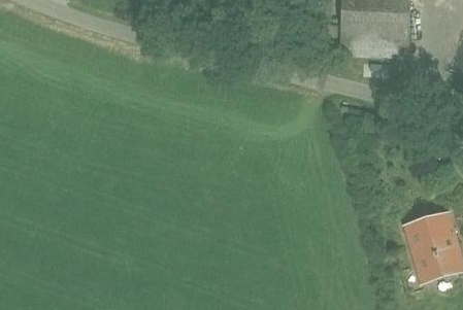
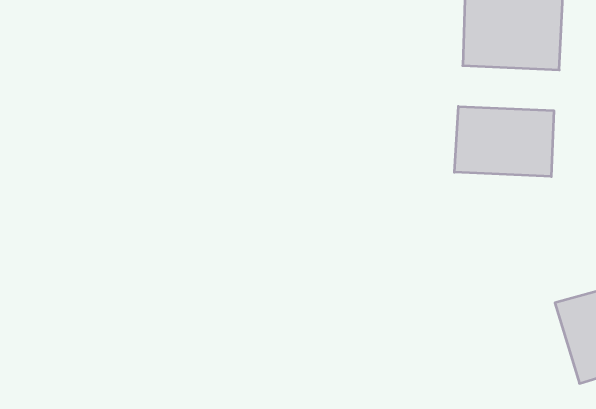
building: none -> [454,106,554,177]

